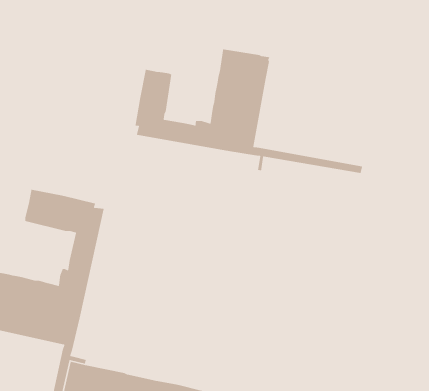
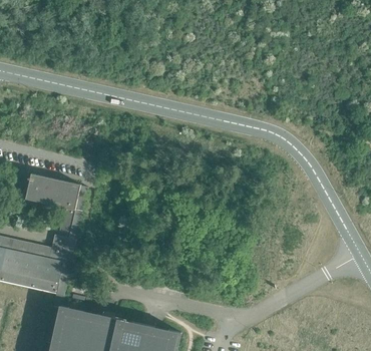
building: [134,48,363,174] -> none

